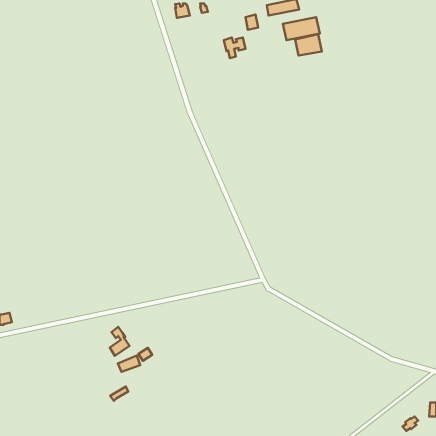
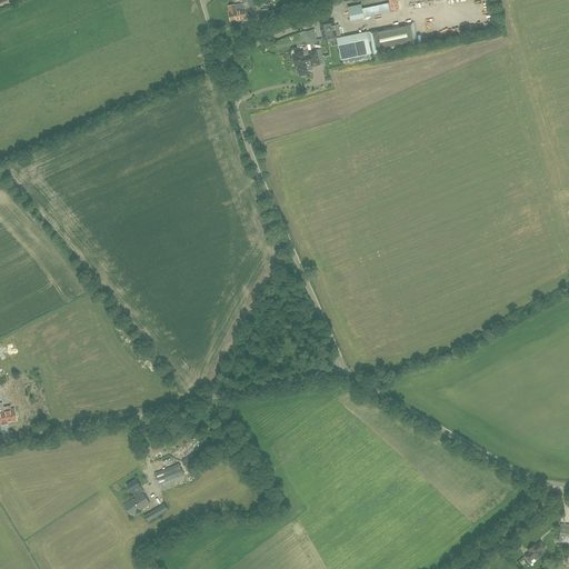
building: [295,34,322,56] -> [336,31,370,59]
building: [110,327,129,356] -> [123,478,149,516]

